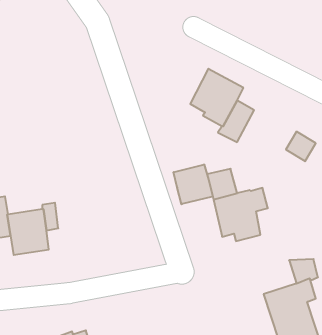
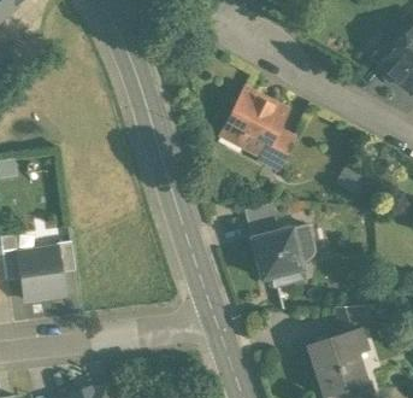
building: [174,164,213,204] -> none

